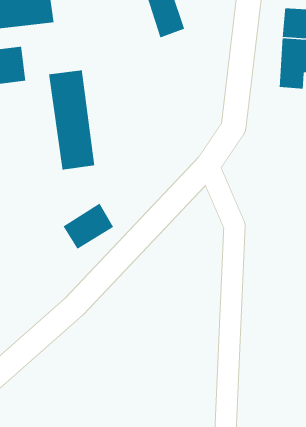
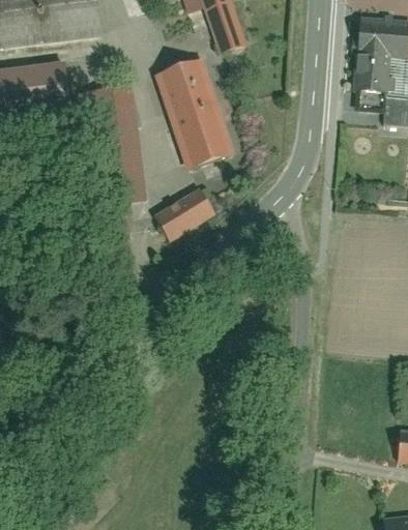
building: none -> [156,60,234,167]
building: [63,203,114,250] -> [155,188,214,242]

